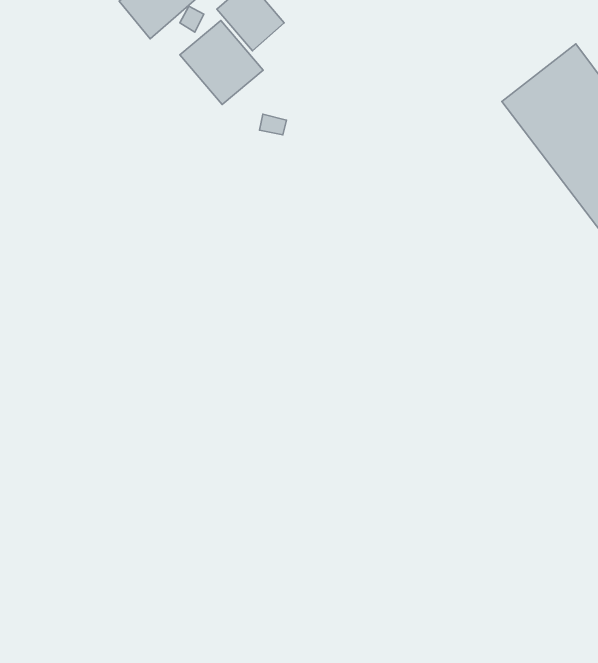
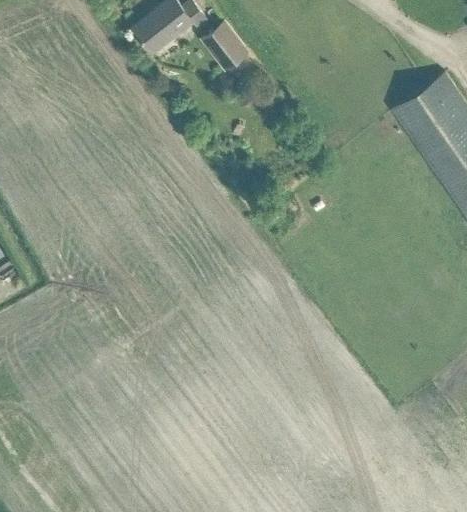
building: [180,21,263,104] -> none

